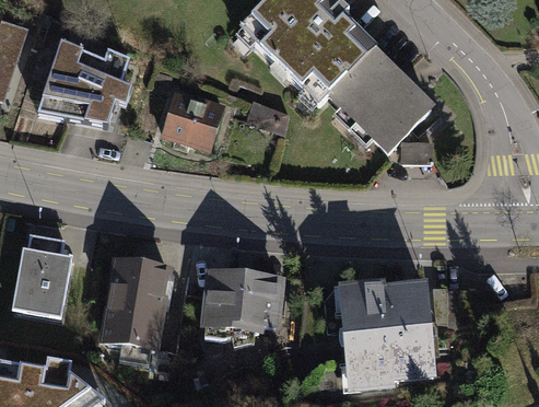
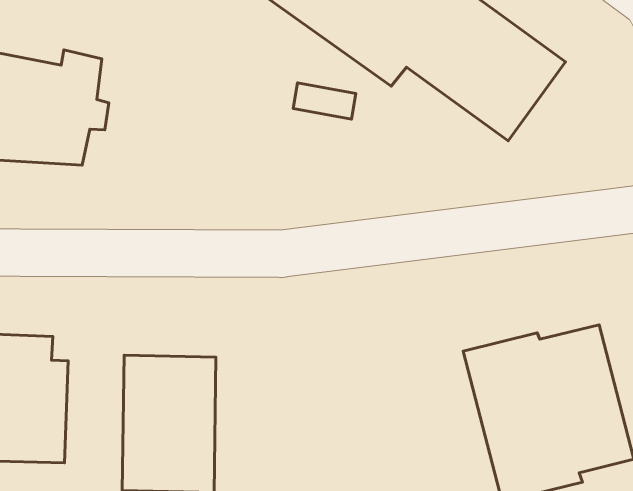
building: [163,88,222,146] -> none
building: [200,268,286,330] -> none

